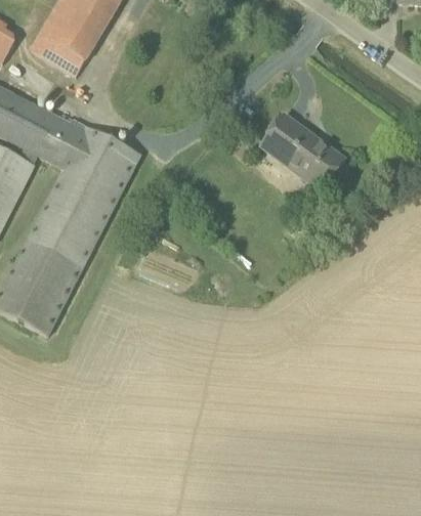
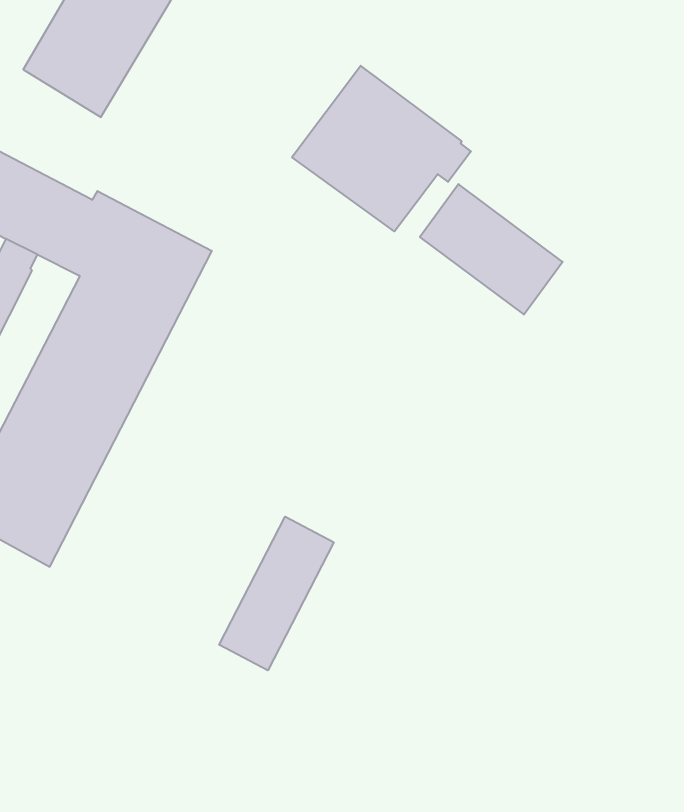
building: none -> [292,66,471,231]
building: none -> [219,517,334,670]

